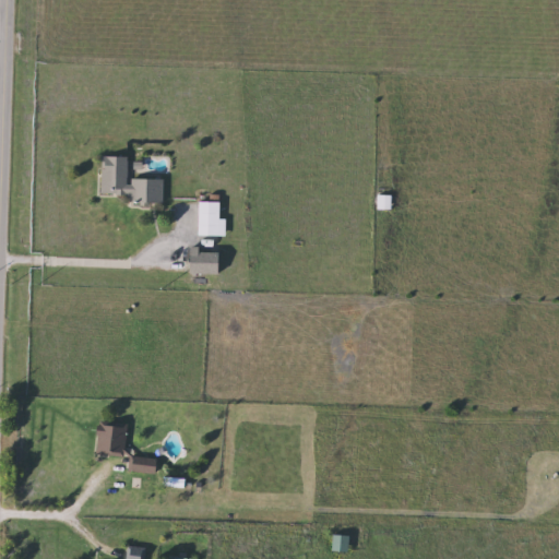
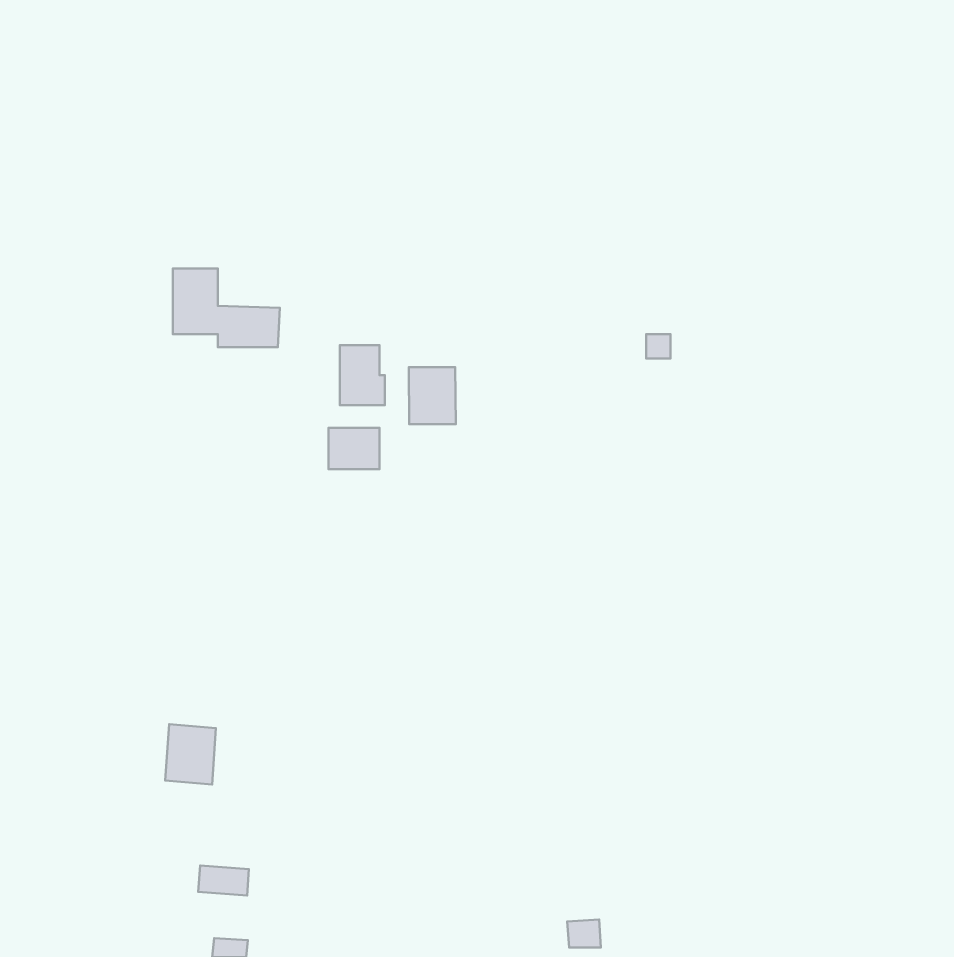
building: none -> [409,367,456,424]
building: [128,456,157,474] -> [198,866,249,896]

